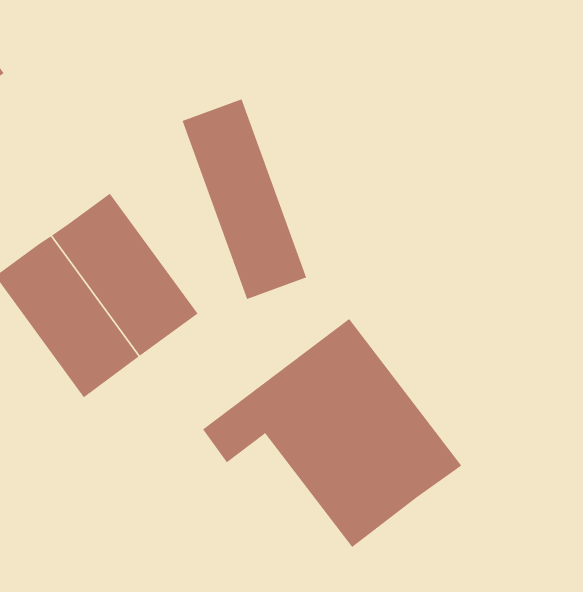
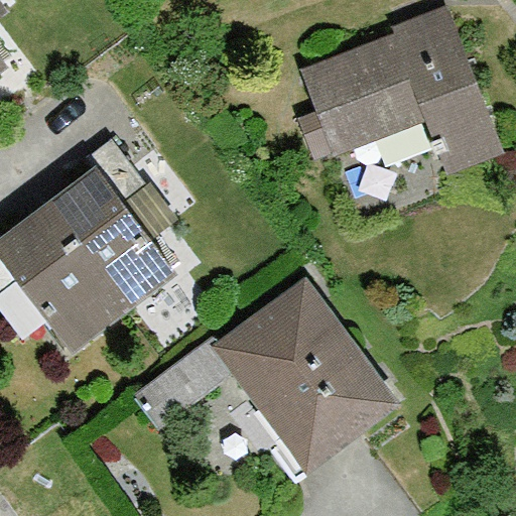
building: none -> [306,6,501,173]
building: [182,98,307,300] -> none

